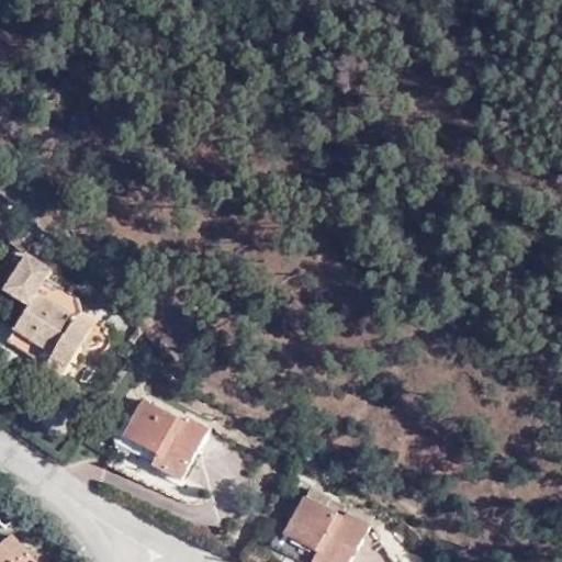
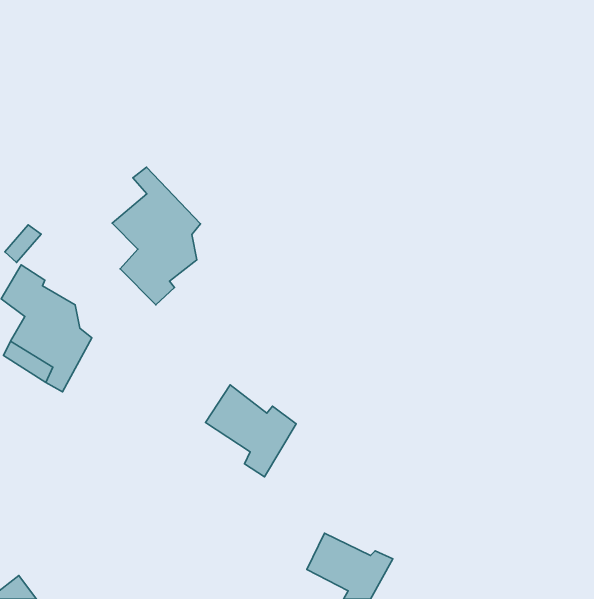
building: none -> [112,167,201,305]
building: [121,404,205,490] -> [206,385,296,477]

